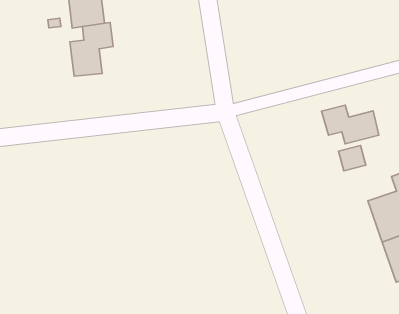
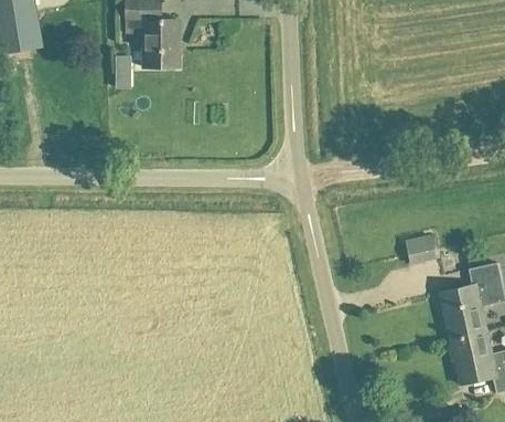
building: [70,22,113,76] -> none
building: [322,105,379,144] -> none

